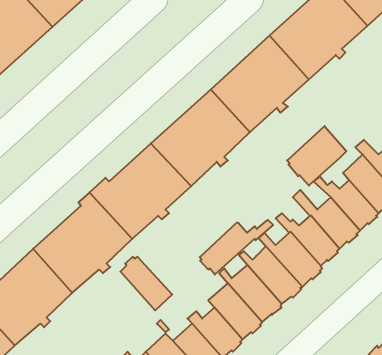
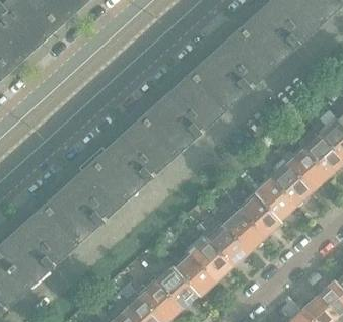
building: [287,126,346,186] -> none
building: [200,220,273,275] -> none
building: [120,257,172,310] -> none

